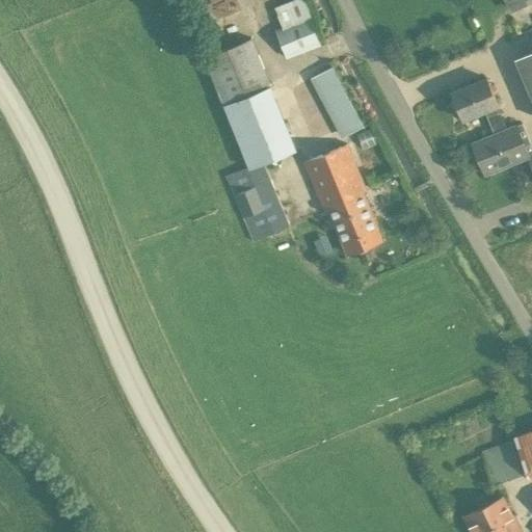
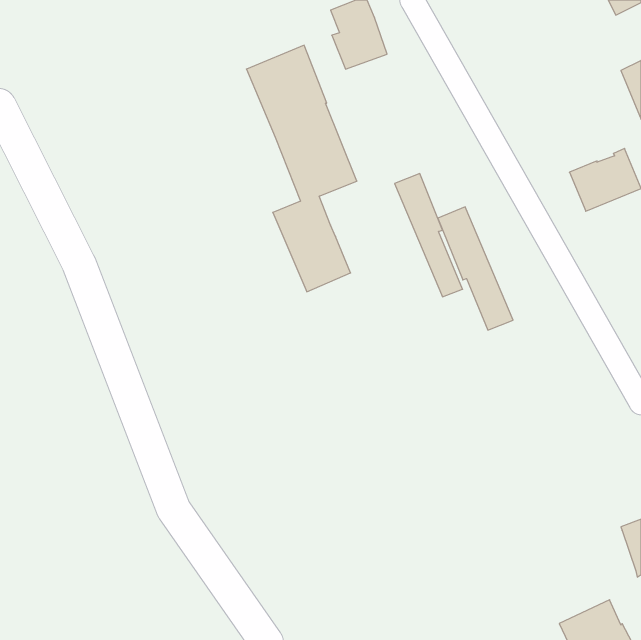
building: [314,69,357,127] -> none
building: [451,79,508,136] -> none
building: [303,154,366,256] -> [438,207,513,330]
building: [482,443,523,485] -> none

